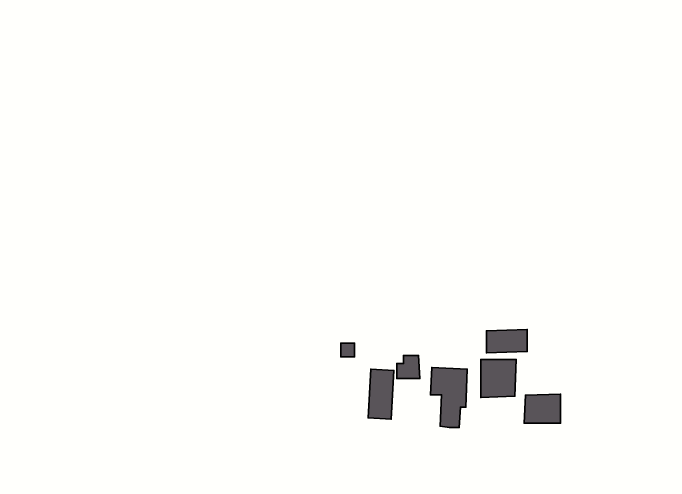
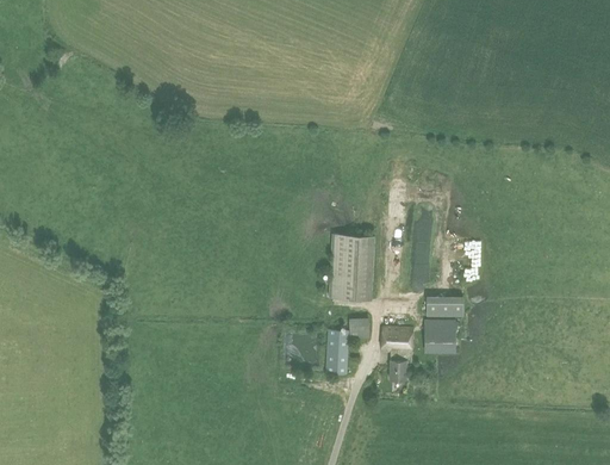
building: none -> [330,234,374,299]
building: [524,394,561,423] -> none

